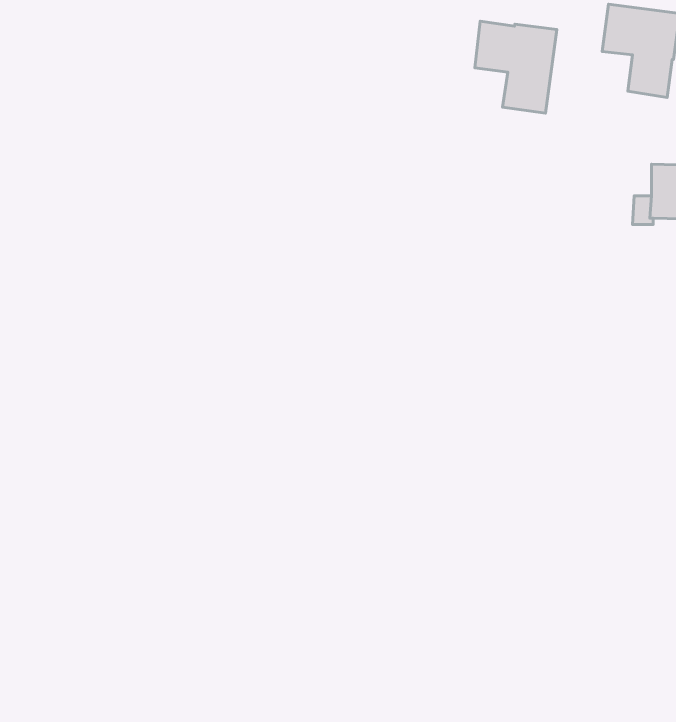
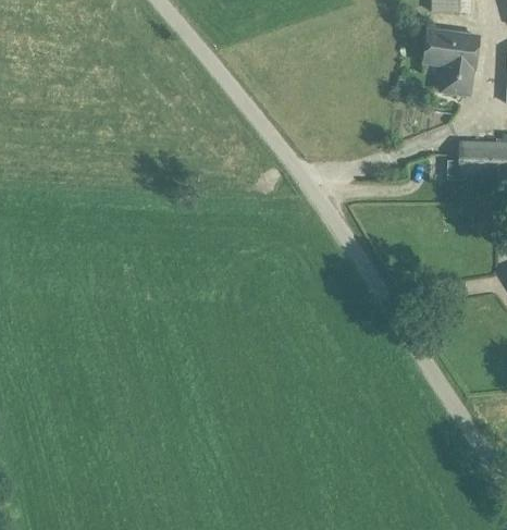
building: [475,21,557,113] -> none

